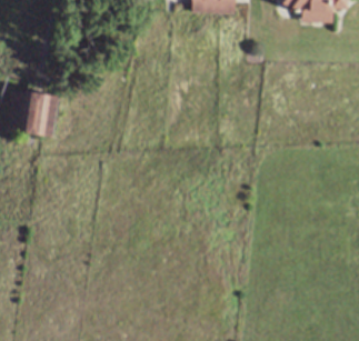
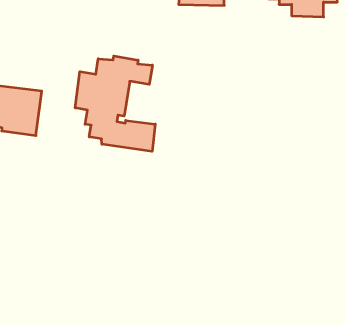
building: none -> [75,56,155,151]

